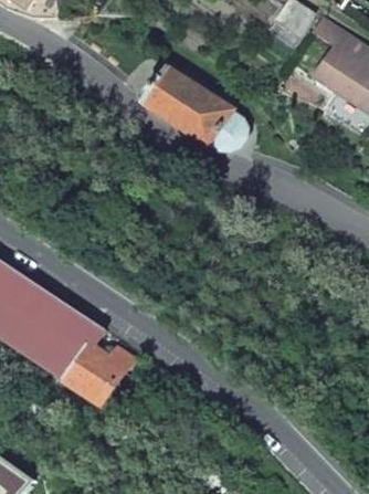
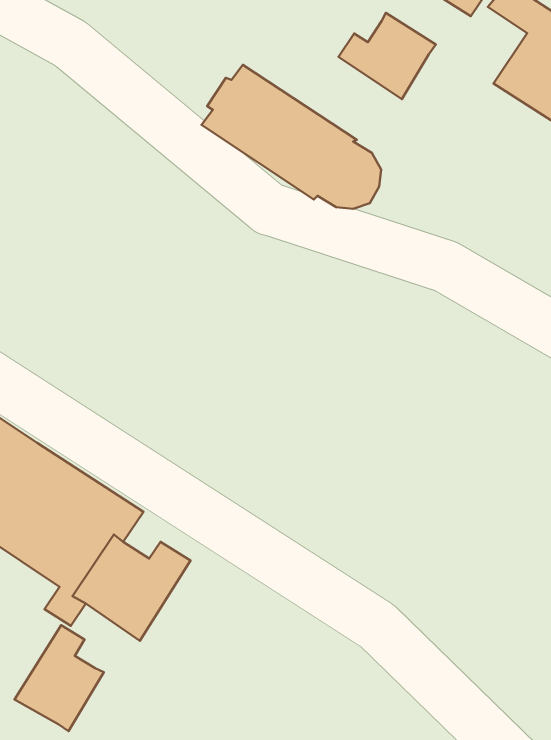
building: none -> [338,13,436,99]
building: none -> [15,625,104,731]

